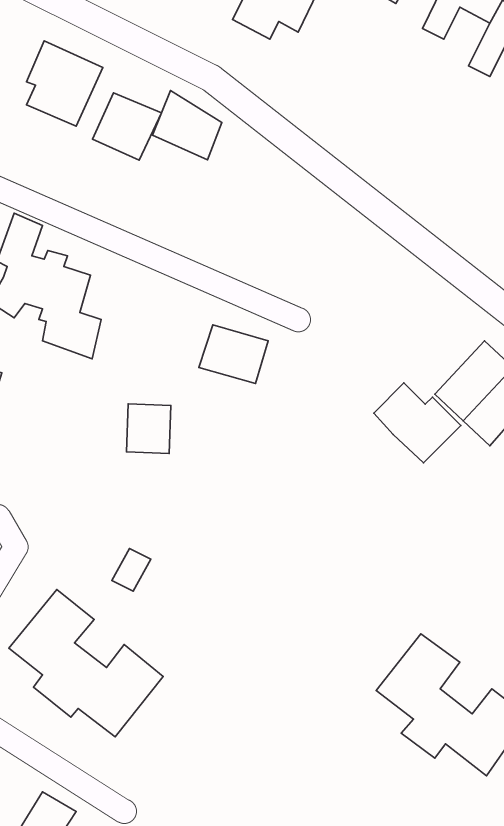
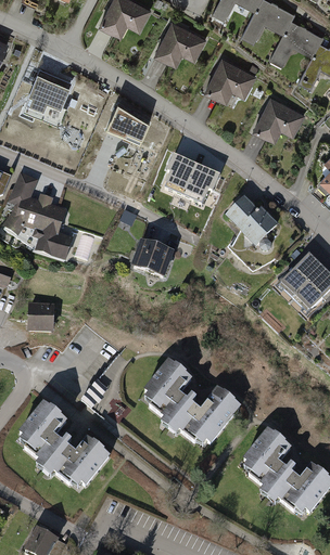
building: none -> [204,59,255,103]
building: none -> [253,98,304,143]
building: [93,93,161,160] -> none
building: none -> [162,152,218,204]
building: [374,383,461,463] -> [227,198,280,247]
building: [126,404,171,453] -> [27,304,54,334]
building: none -> [143,360,241,449]

